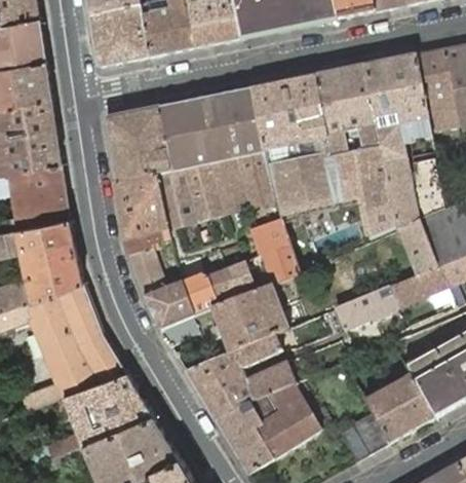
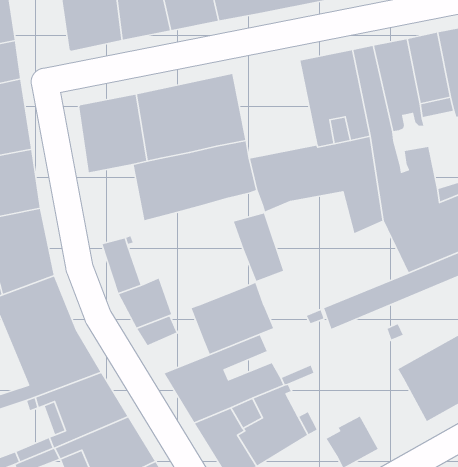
building: [249,74,328,166] -> none
building: [113,173,165,237] -> none
building: [180,253,271,314] -> none
building: [358,375,432,442] -> none

